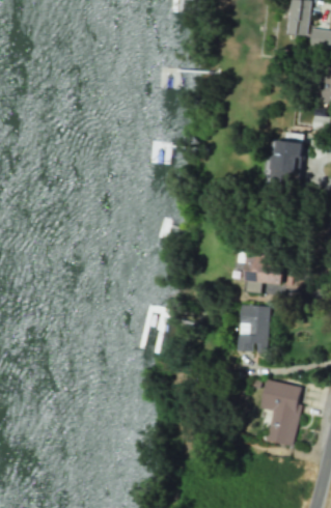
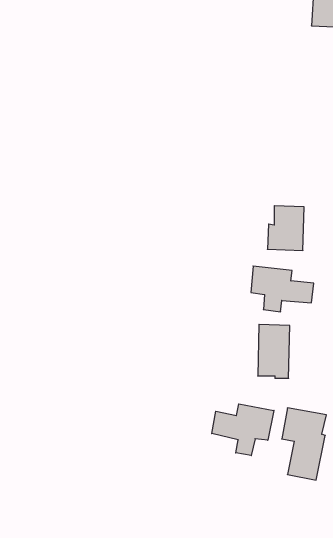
building: [268,141,301,181] -> [267,206,304,250]
building: none -> [212,404,274,456]

